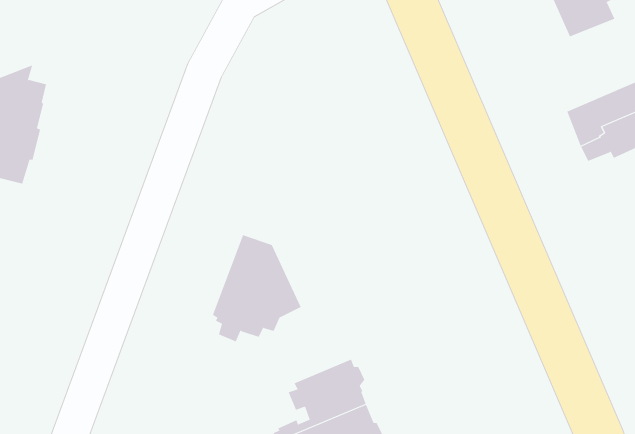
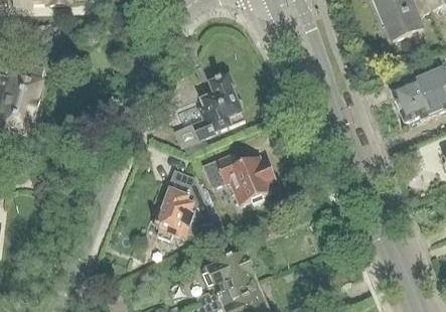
building: none -> [173,71,244,147]
building: none -> [202,153,274,203]

